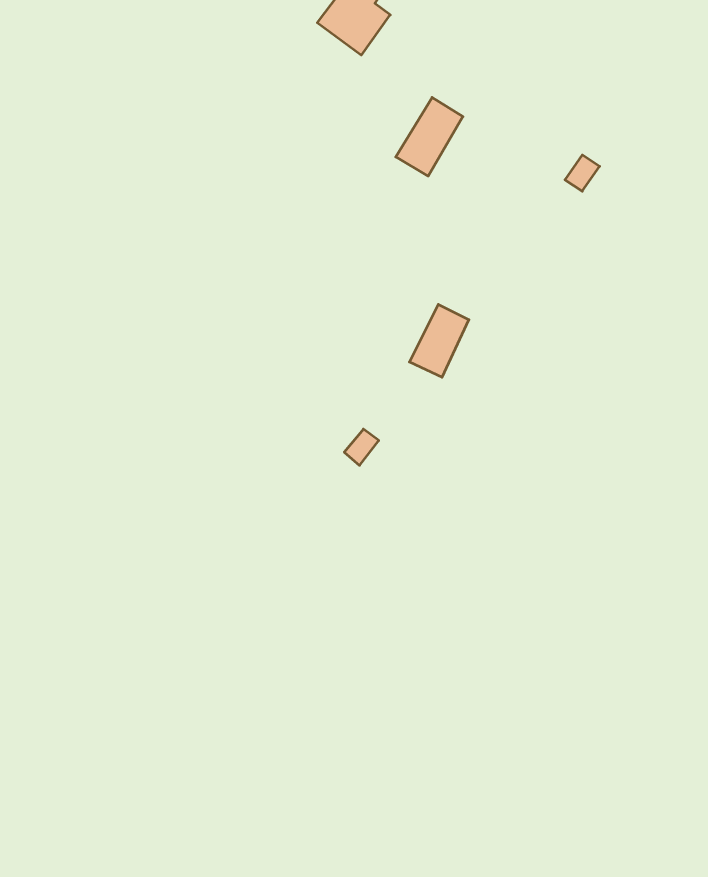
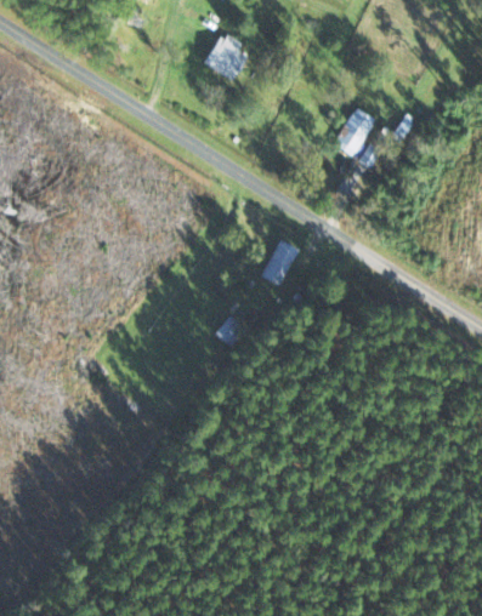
building: [396,97,463,176] -> [331,108,374,158]

